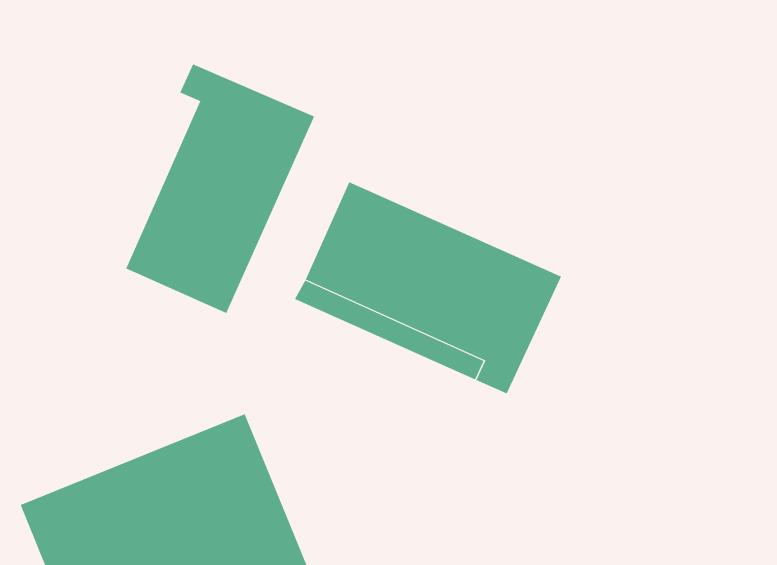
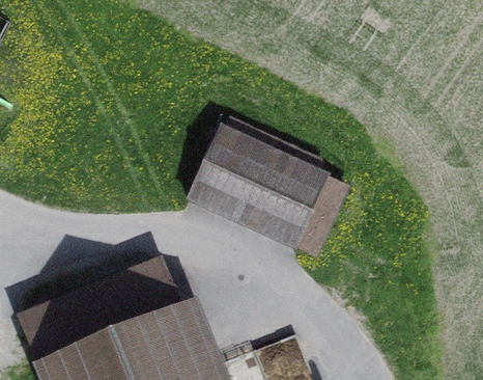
building: [126,63,315,314] -> none

